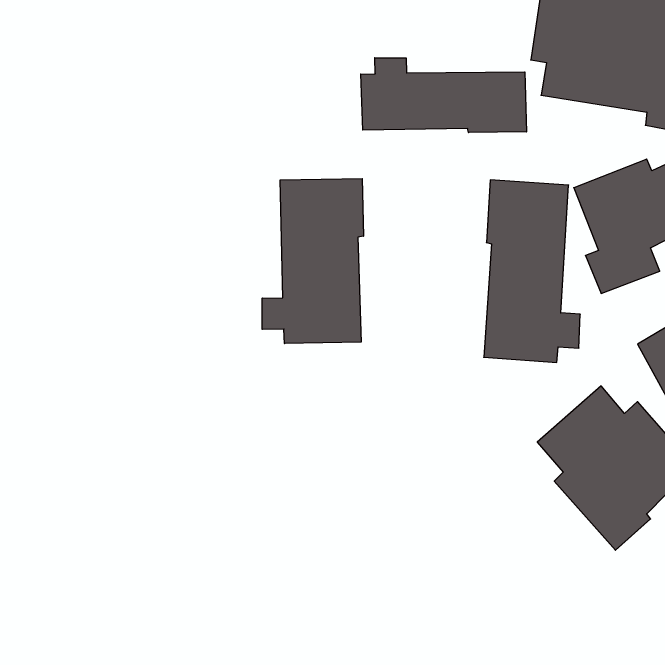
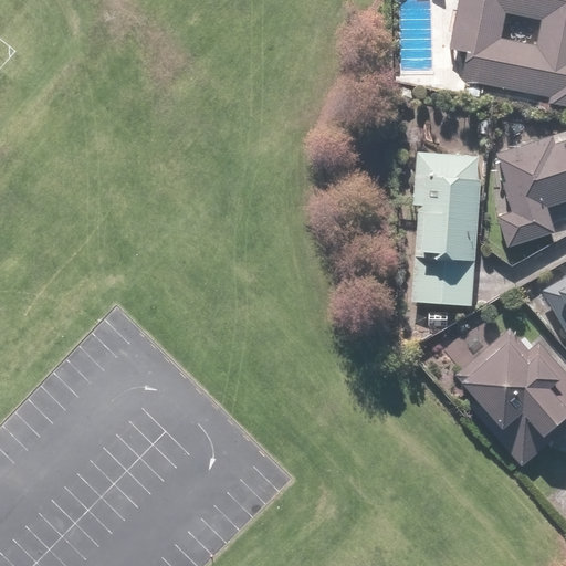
building: [361,58,526,133] -> none
building: [262,179,363,344] -> none

